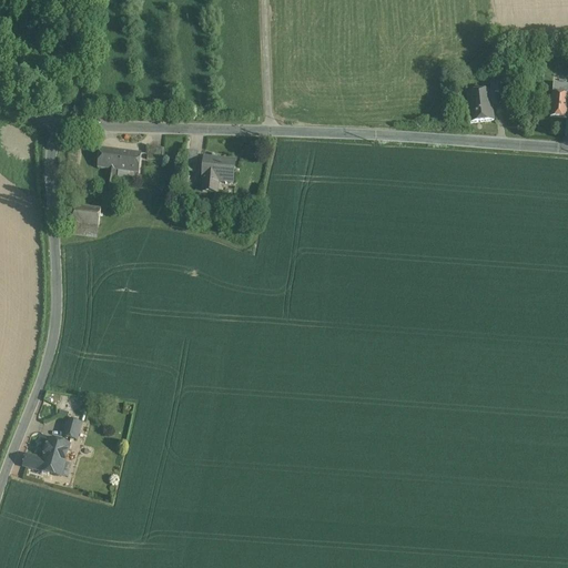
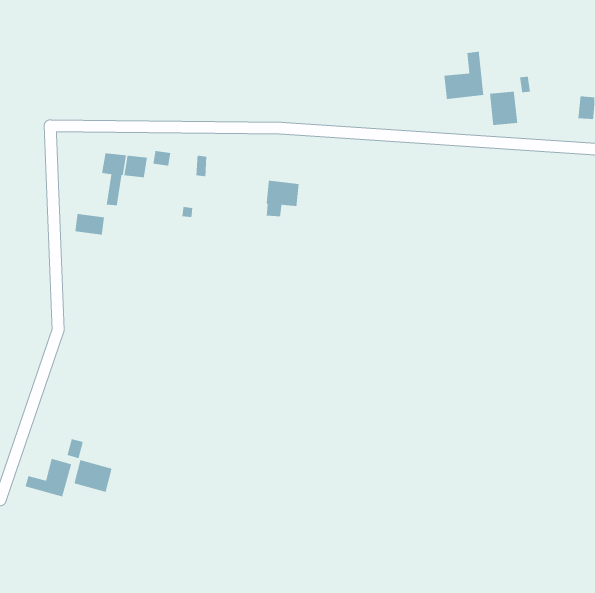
building: none -> [444,51,484,100]
building: [202,154,234,190] -> [266,180,300,217]
building: none -> [73,459,113,493]

